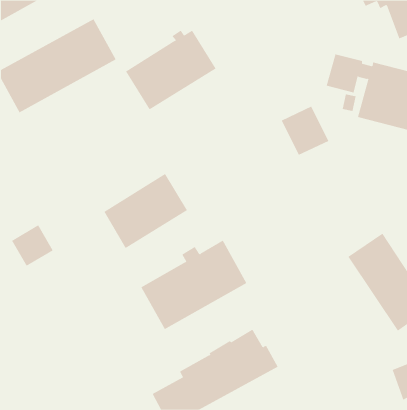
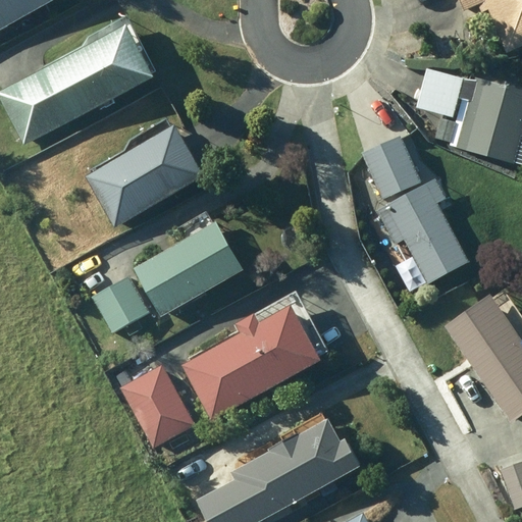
building: [125,30,217,110] -> [86,125,202,227]
building: none -> [378,179,468,283]
building: [11,225,54,266] -> [95,278,149,331]
building: none -> [122,365,198,448]

